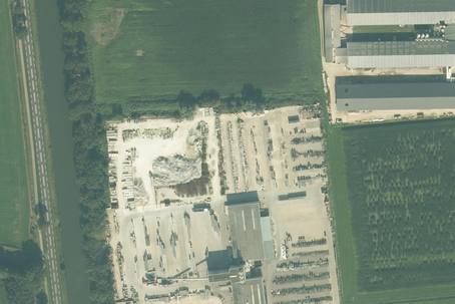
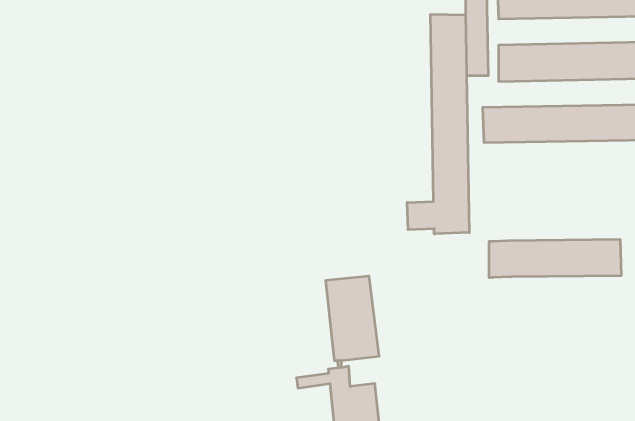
building: none -> [407,14,469,234]
building: none -> [489,239,621,278]

